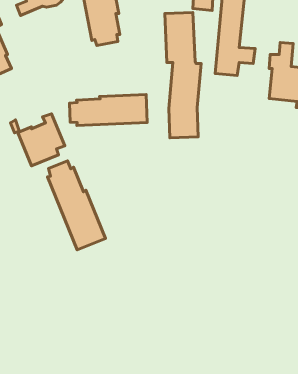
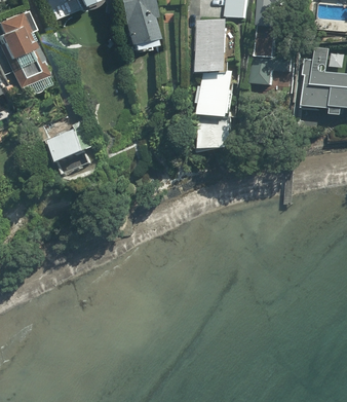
building: [69,95,147,125] -> none
building: [48,161,105,250] -> none

